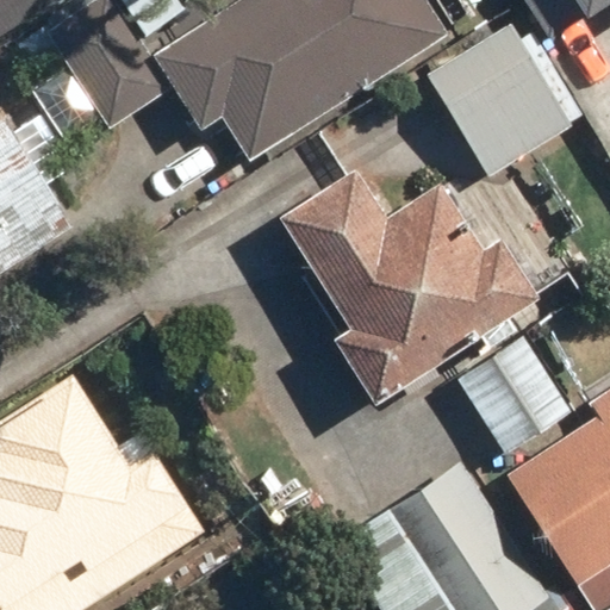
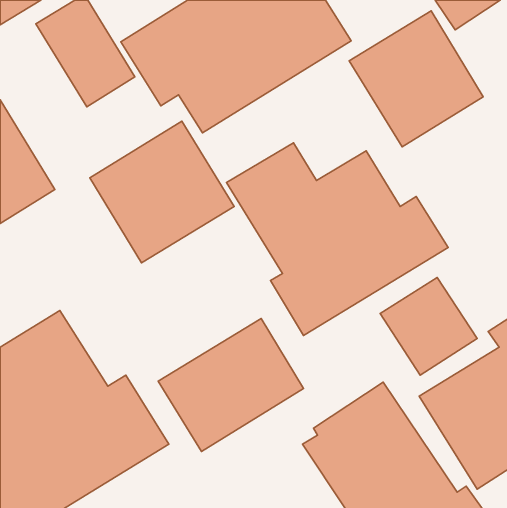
building: none -> [90,121,234,263]
building: none -> [158,319,304,451]

